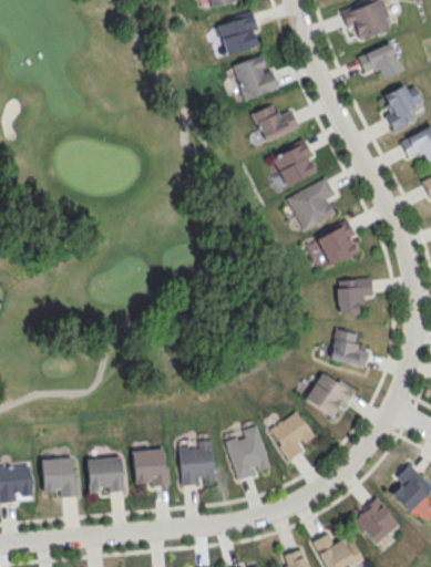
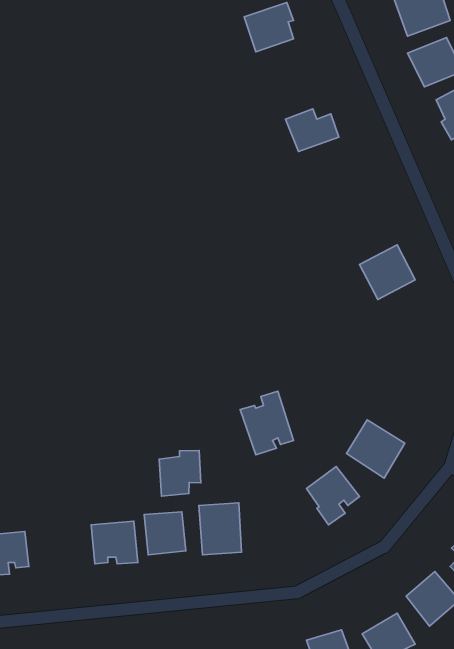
building: [225,56,278,103] -> none
building: [273,138,316,187] -> none
building: [287,177,336,231] -> none
building: [337,278,373,315] -> none
building: [328,328,370,368] -> none
building: none -> [159,451,201,496]
building: [225,425,270,480] -> [240,391,293,455]
building: [41,457,80,497] -> none

